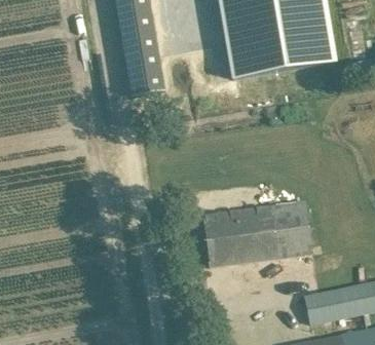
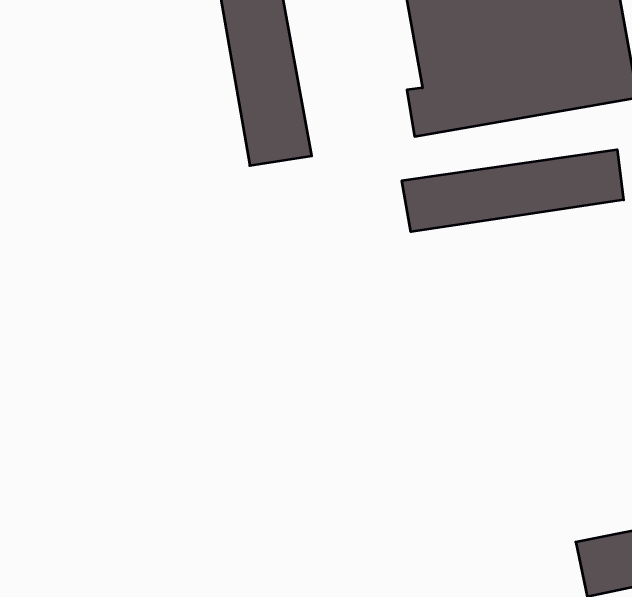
building: none -> [402,150,624,232]
building: [186,200,314,267] -> none

